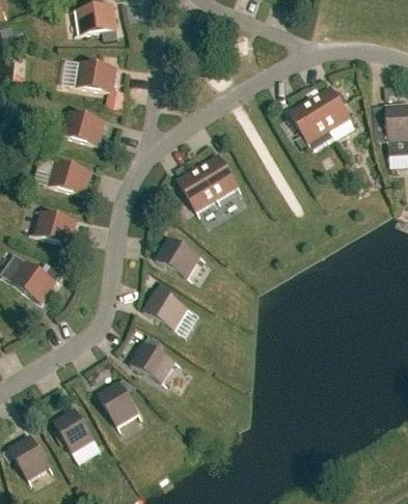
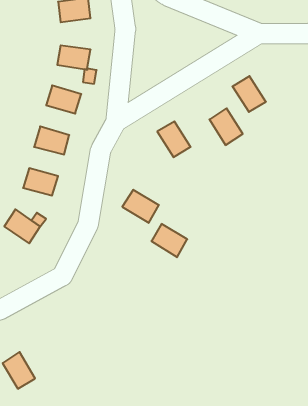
building: [309,85,350,130] -> [209,108,243,145]
building: [176,166,217,209] -> none
building: [143,288,187,329] -> [151,224,187,257]
building: [130,341,174,382] -> none
building: [98,377,138,424] -> none
building: [53,407,93,451] -> none

